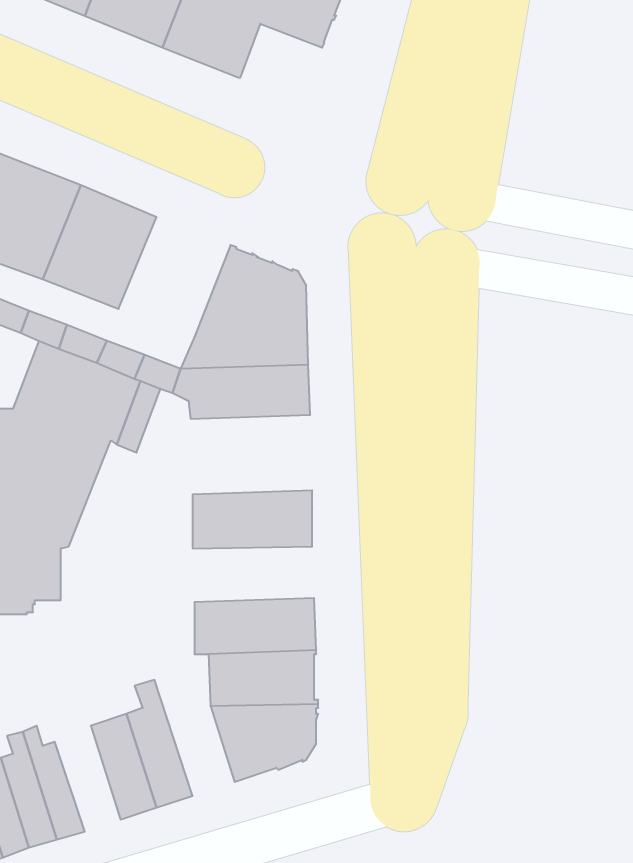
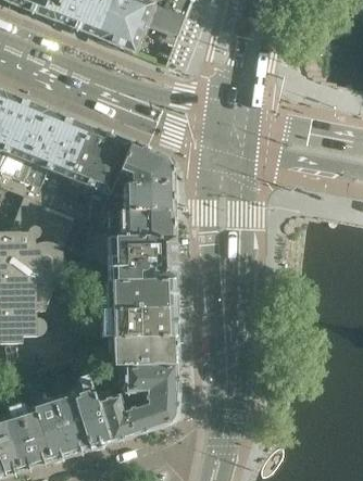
building: none -> [66,126,127,192]
building: none -> [105,235,172,278]
building: none -> [107,306,173,337]
building: none -> [83,367,129,442]
building: none -> [32,404,67,461]

